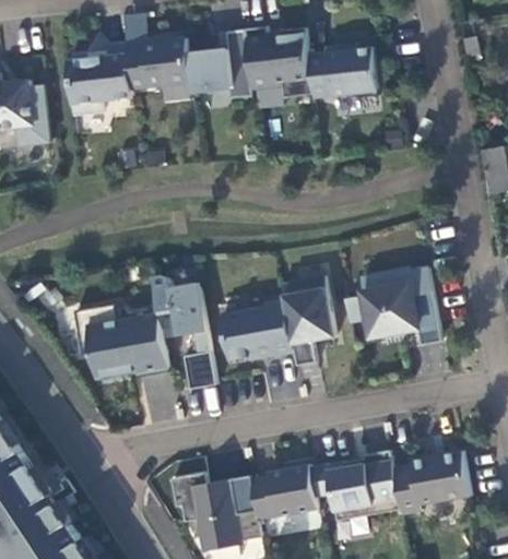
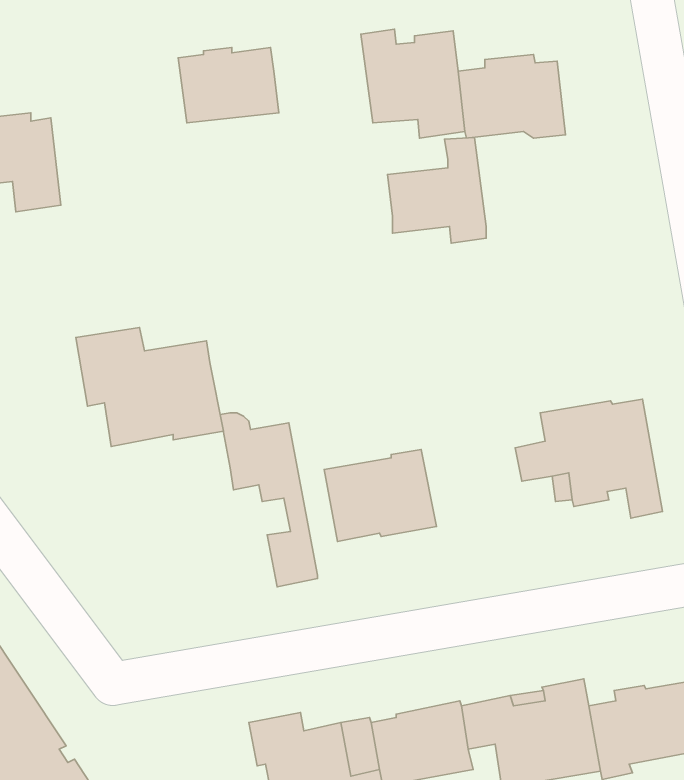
building: [187,29,251,98] -> [387,138,486,243]
building: [67,41,131,115] -> none
building: [281,276,334,365] -> none
building: [73,304,169,381] -> [76,327,223,446]

